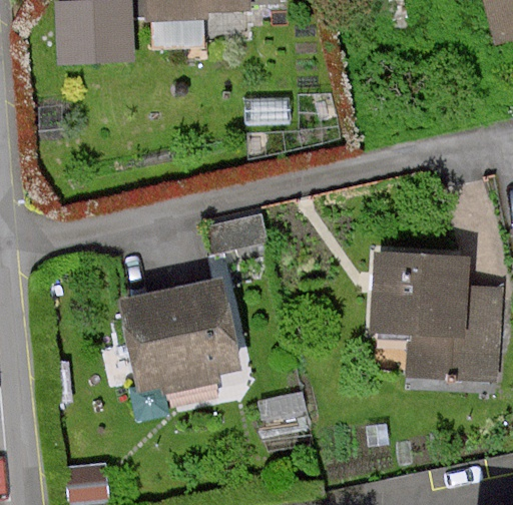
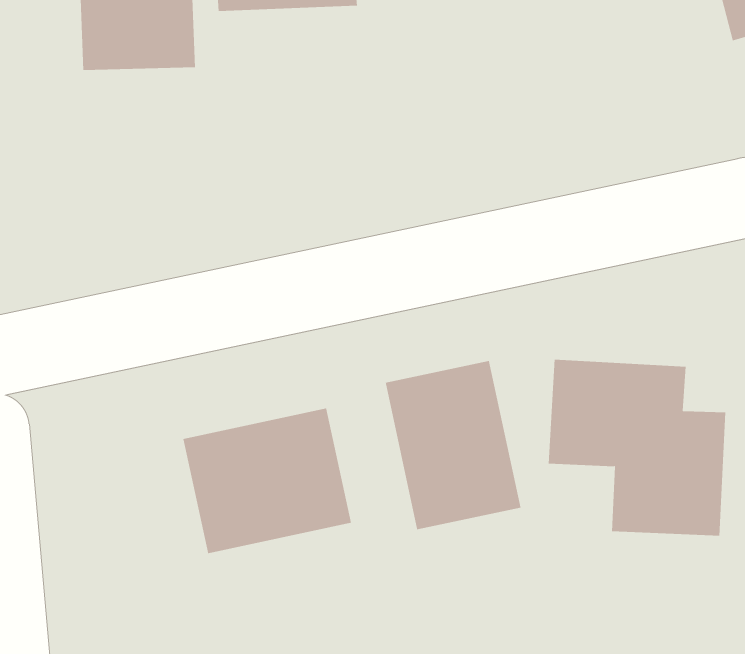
building: none -> [385,360,521,530]

